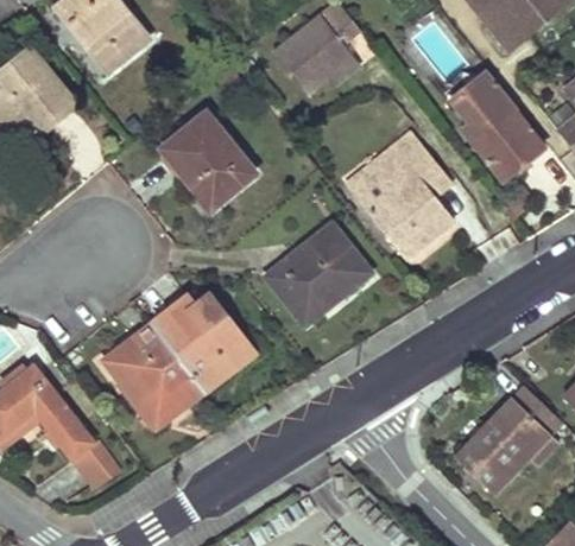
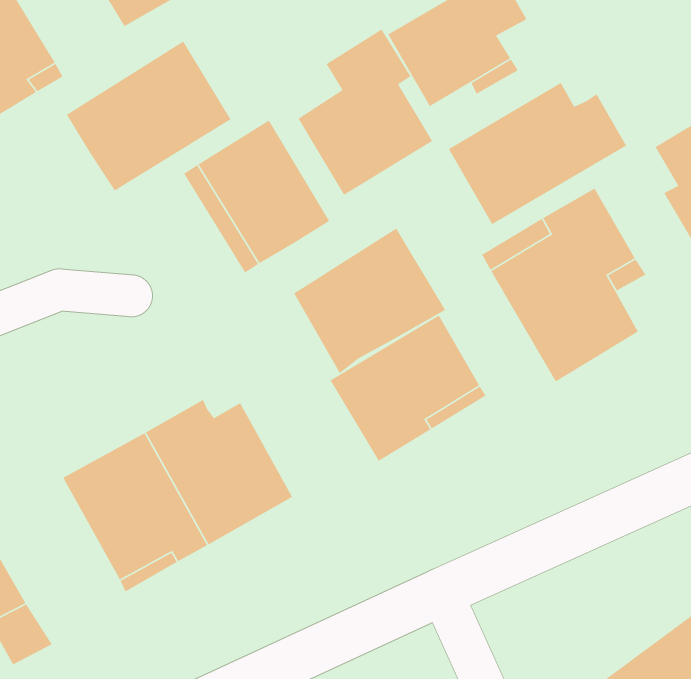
building: none -> [298,29,433,196]
building: none -> [448,82,627,225]
building: none -> [66,40,231,192]
building: none -> [293,227,446,374]

